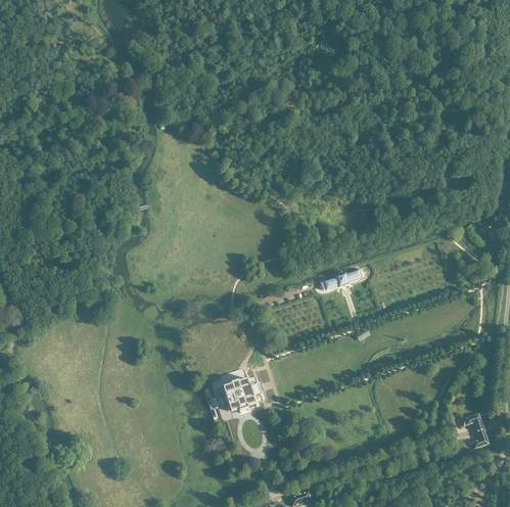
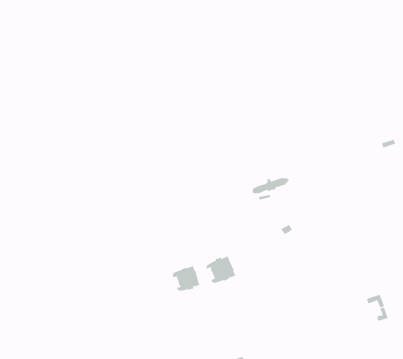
building: none -> [206,255,236,284]

